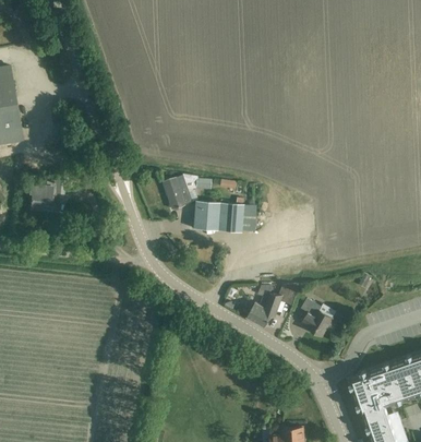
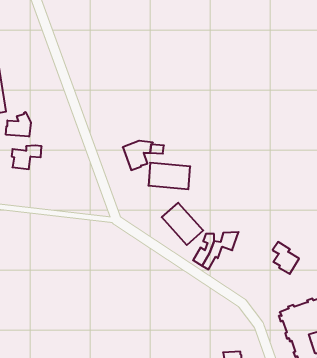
building: none -> [6,112,31,137]
building: none -> [162,203,203,245]
building: [301,299,333,337] -> [273,242,299,274]

